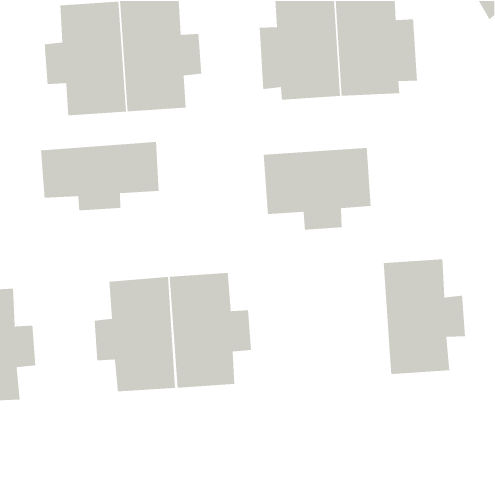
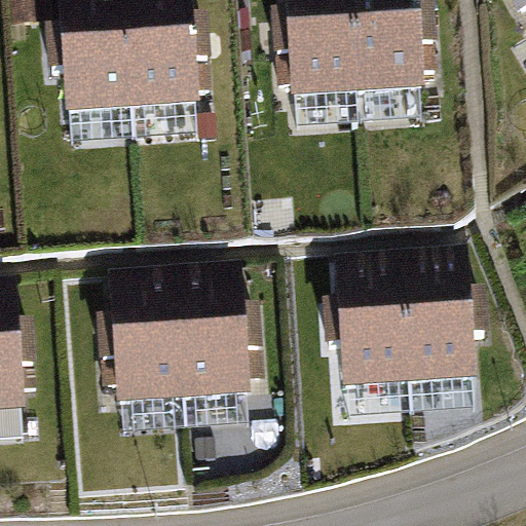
building: [40,141,160,211] -> none
building: [263,147,372,230] -> none
building: none -> [324,290,411,412]

